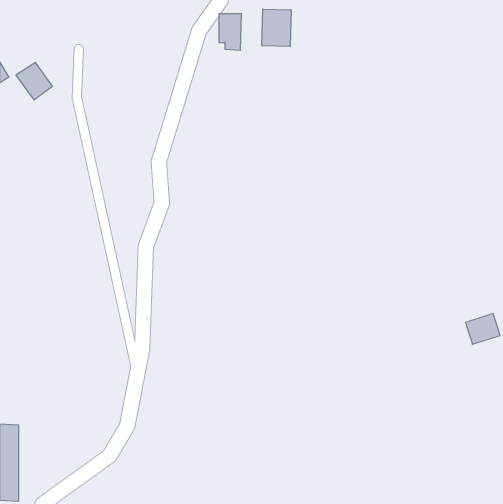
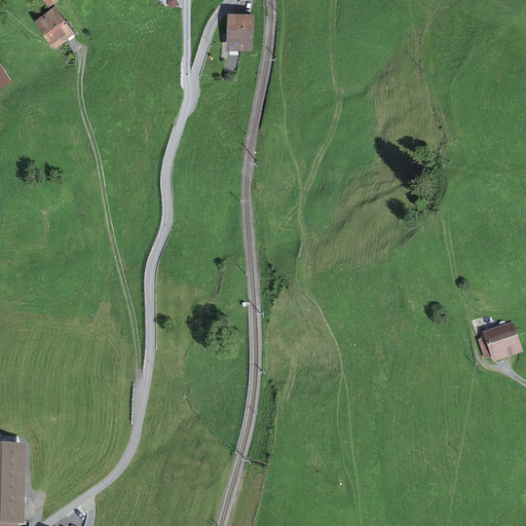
building: [262,9,291,47] -> none
building: [16,62,52,100] -> [34,7,72,46]

